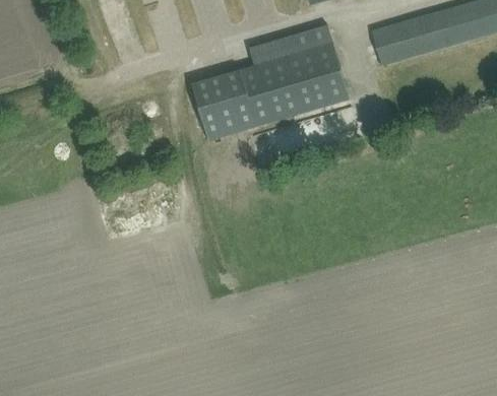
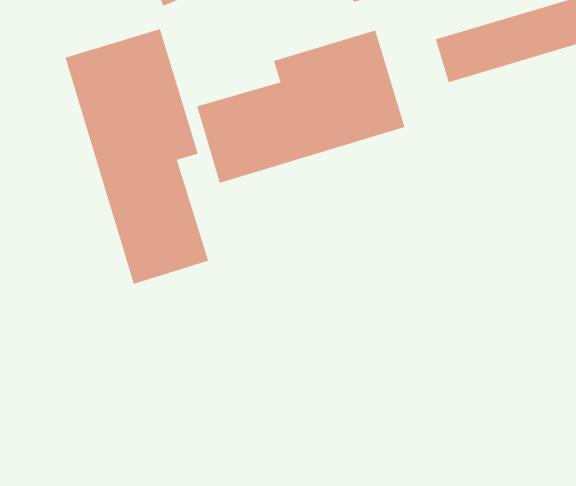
building: none -> [65,28,209,285]

